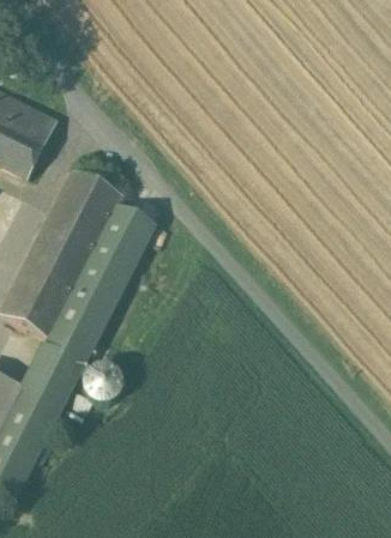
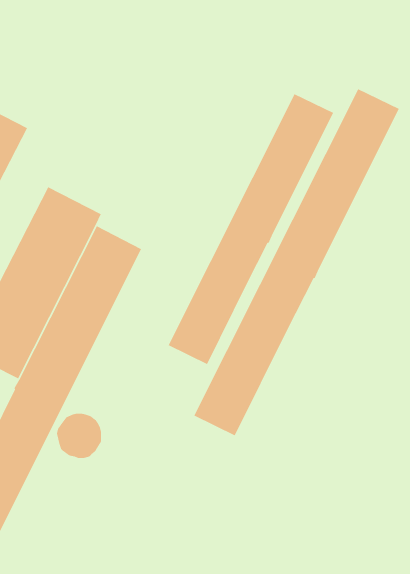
building: none -> [193,88,400,436]
building: none -> [167,93,334,365]

